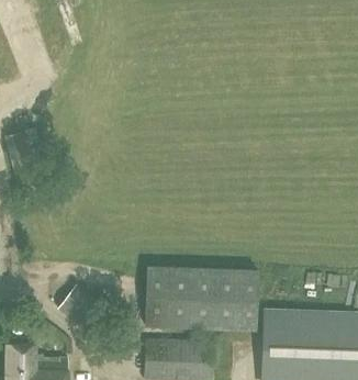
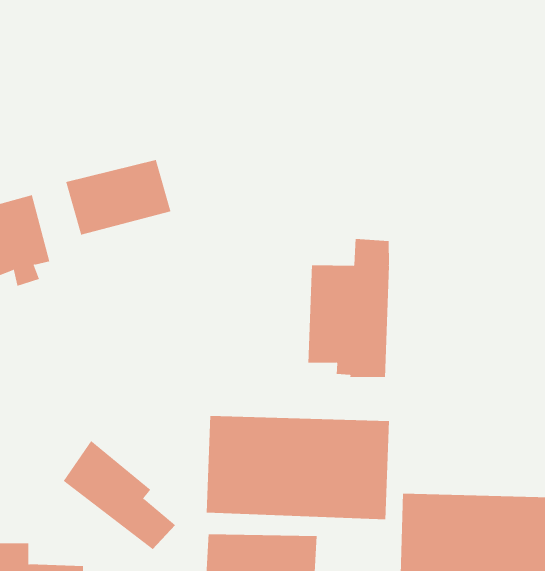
building: none -> [65,159,171,236]
building: none -> [308,238,389,378]

